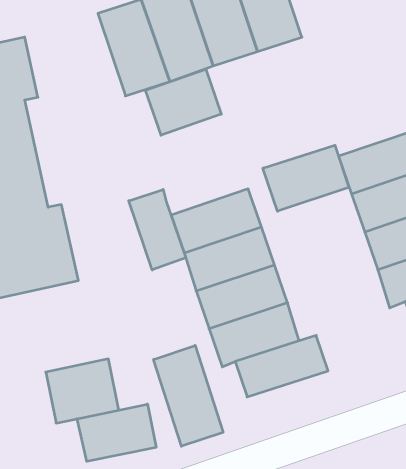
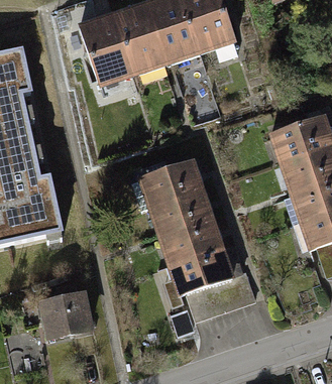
building: [146,69,221,135] -> none
building: [263,145,349,211] -> none
building: [129,189,186,270] -> none
building: [154,345,223,446] -> none
building: [77,404,156,461] -> none

